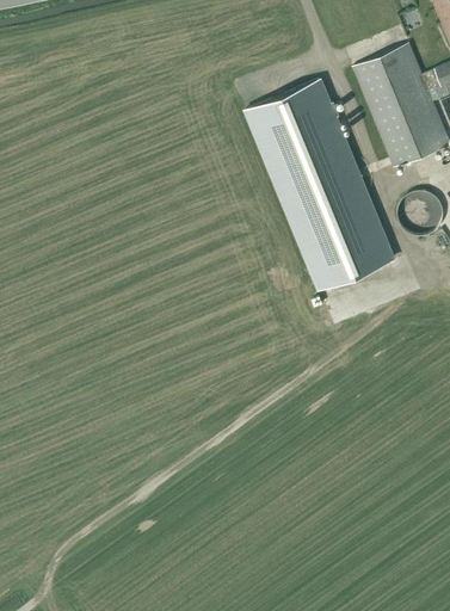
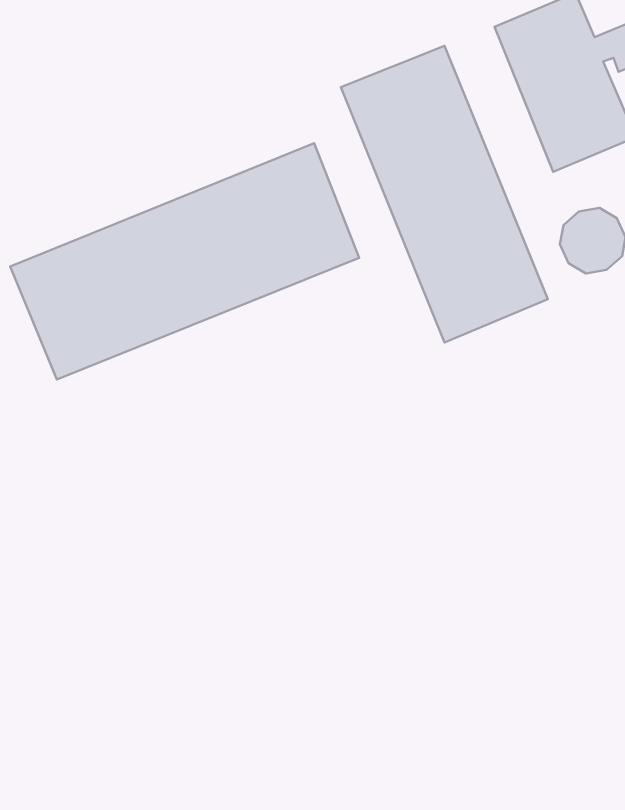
building: none -> [10,143,359,380]

